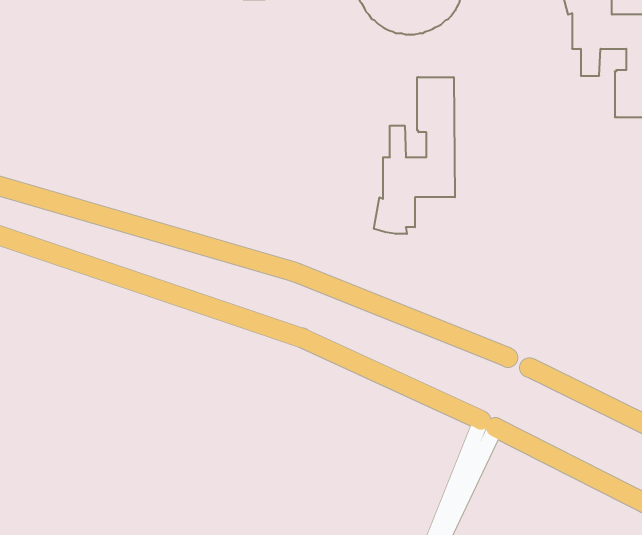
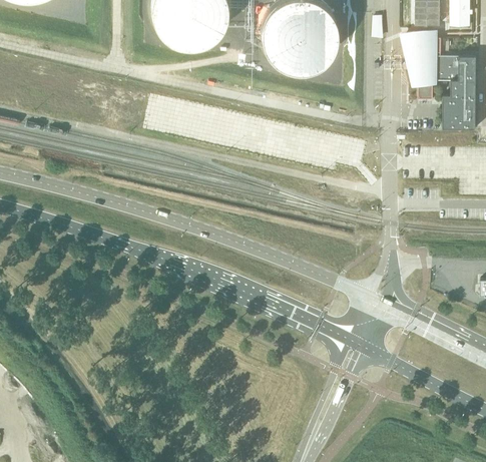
building: [374,77,455,234] -> none

